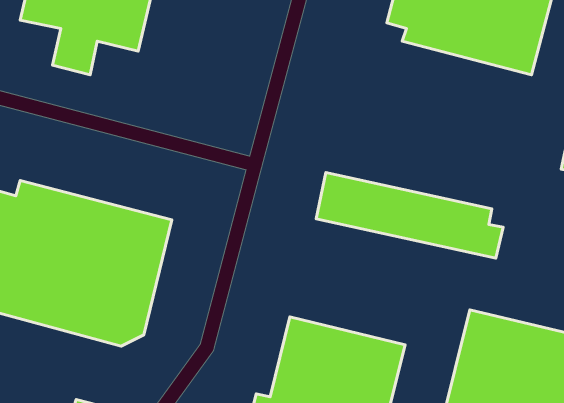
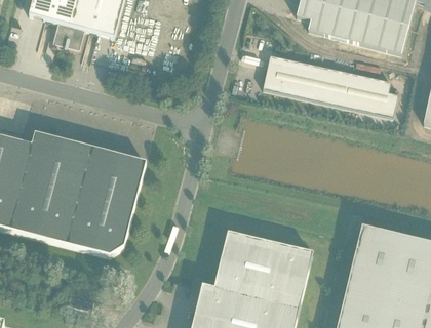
building: [316,172,503,258] -> [260,52,396,115]

